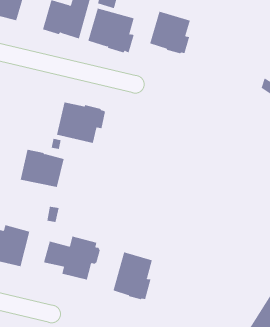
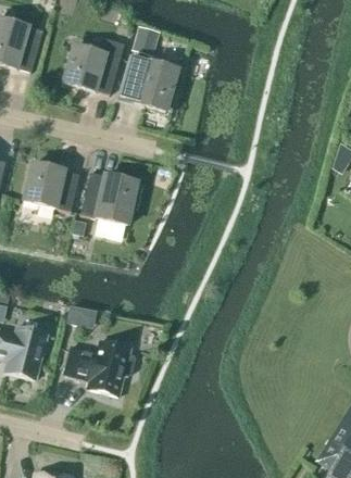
building: [150,11,190,54] -> none
building: [20,149,64,188] -> [24,162,79,210]
building: [113,252,153,300] -> none

